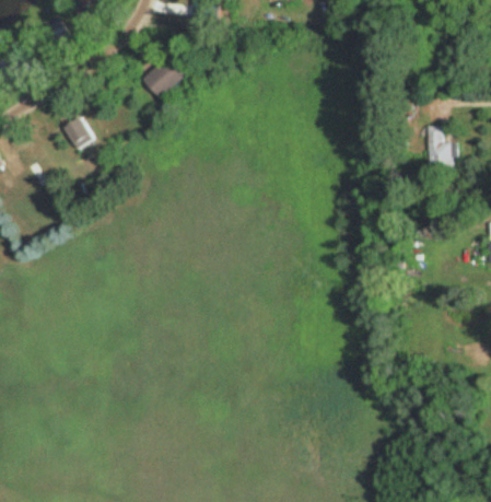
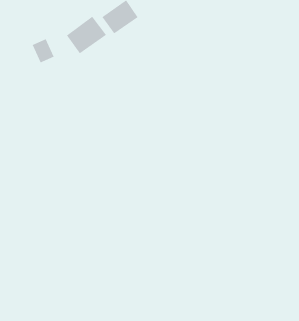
building: none -> [66,16,107,54]

